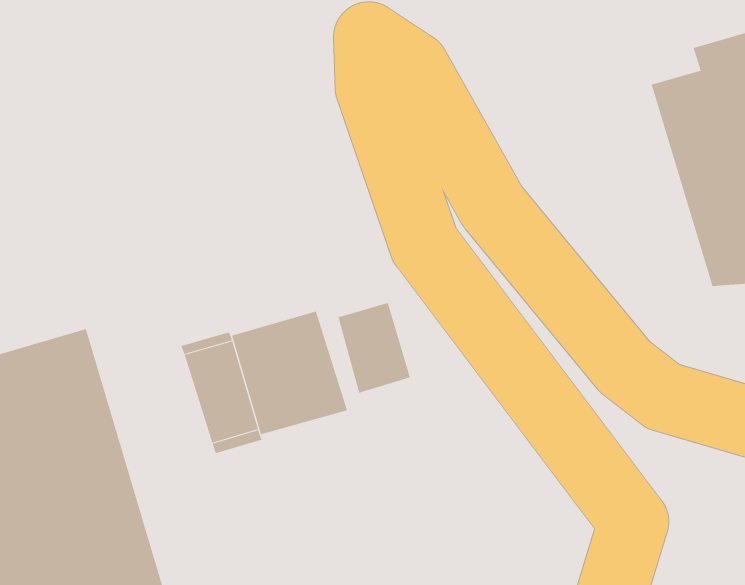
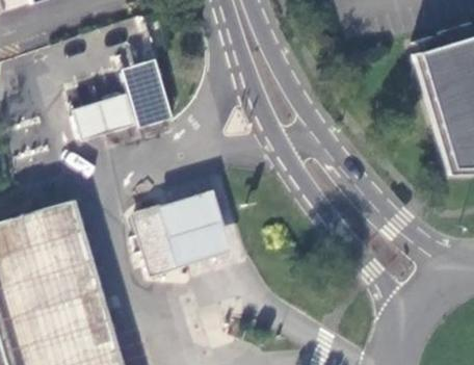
building: none -> [74,57,173,141]
building: [338,302,410,393] -> none

